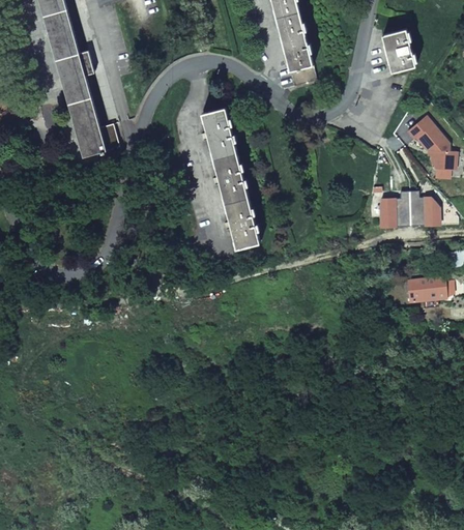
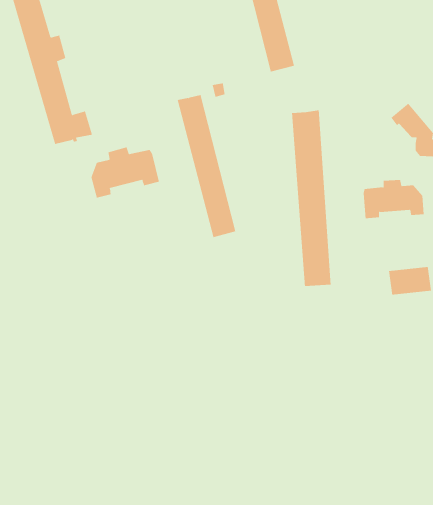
building: [382,29,414,70] -> none
building: none -> [292,109,331,287]
building: none -> [91,146,160,199]

